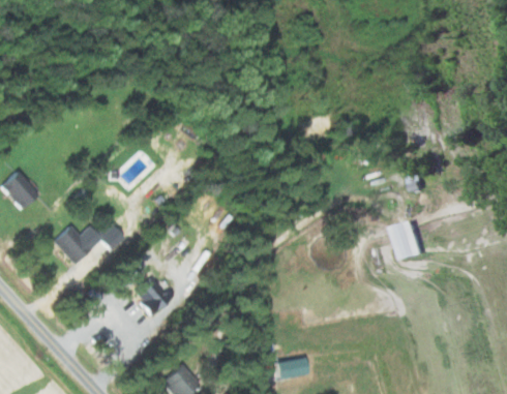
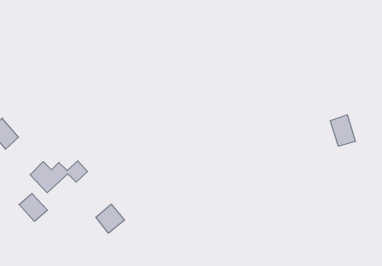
building: [394,219,426,259] -> [330,115,356,146]
building: none -> [19,193,48,221]

